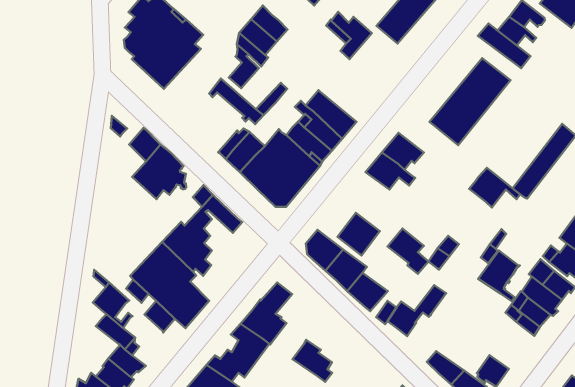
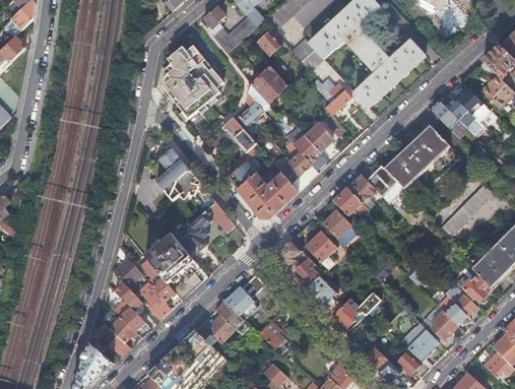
building: none -> [306,123,341,161]
building: [469,168,520,208] -> [367,166,404,196]
building: [387,228,429,274] -> [323,210,352,246]
building: [478,250,520,302] -> [406,328,439,368]
building: none -> [135,280,171,318]

